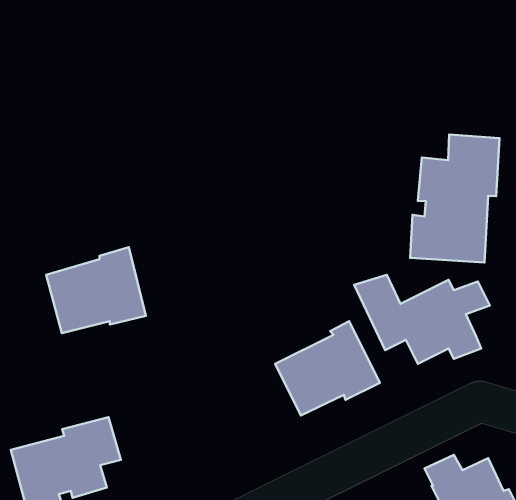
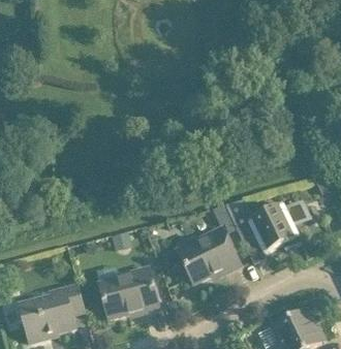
building: [410,134,499,263] -> none
building: [46,247,146,333] -> [99,266,159,318]

